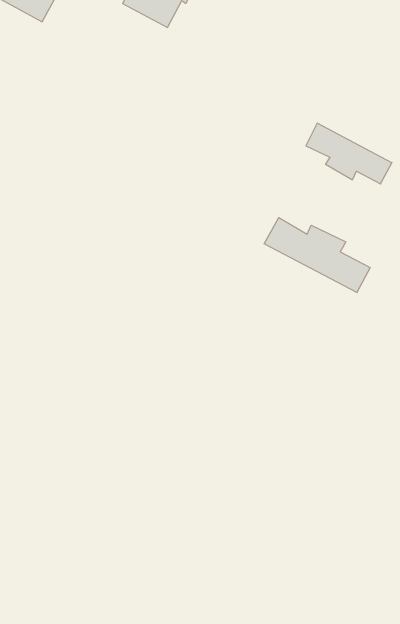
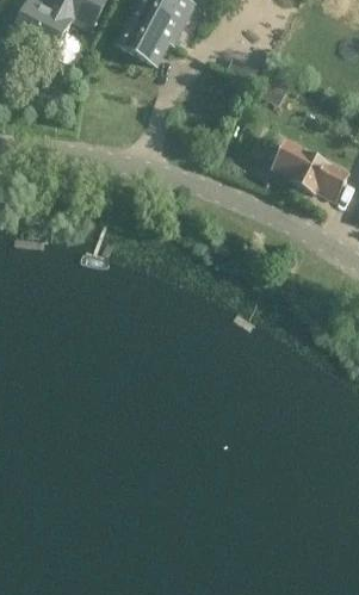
building: [264,218,370,293] -> none

